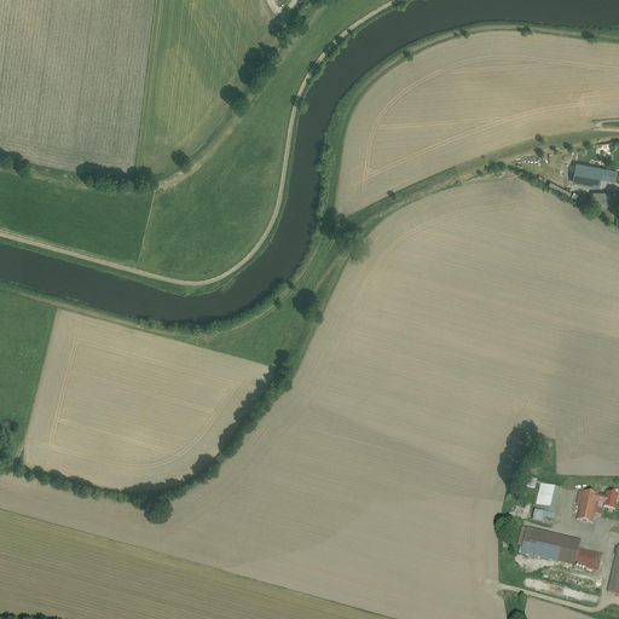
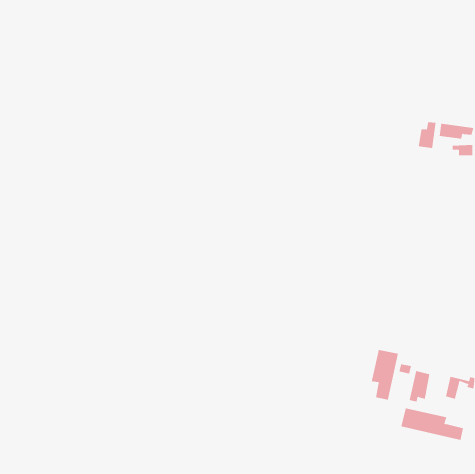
building: none -> [418,122,436,149]
building: none -> [371,349,399,401]

